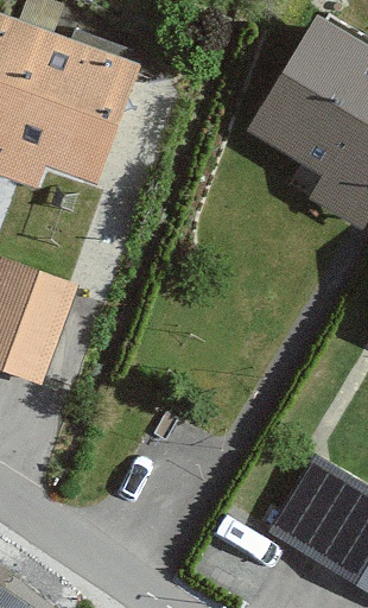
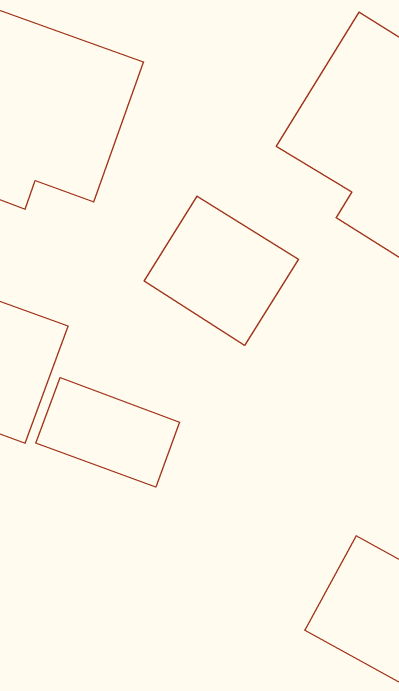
building: none -> [144,196,299,345]
building: none -> [36,378,179,487]

